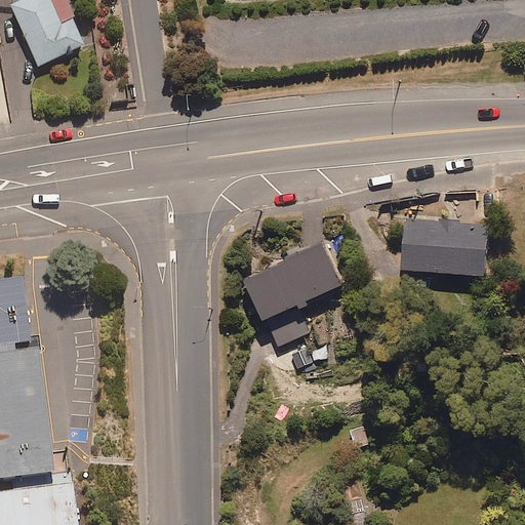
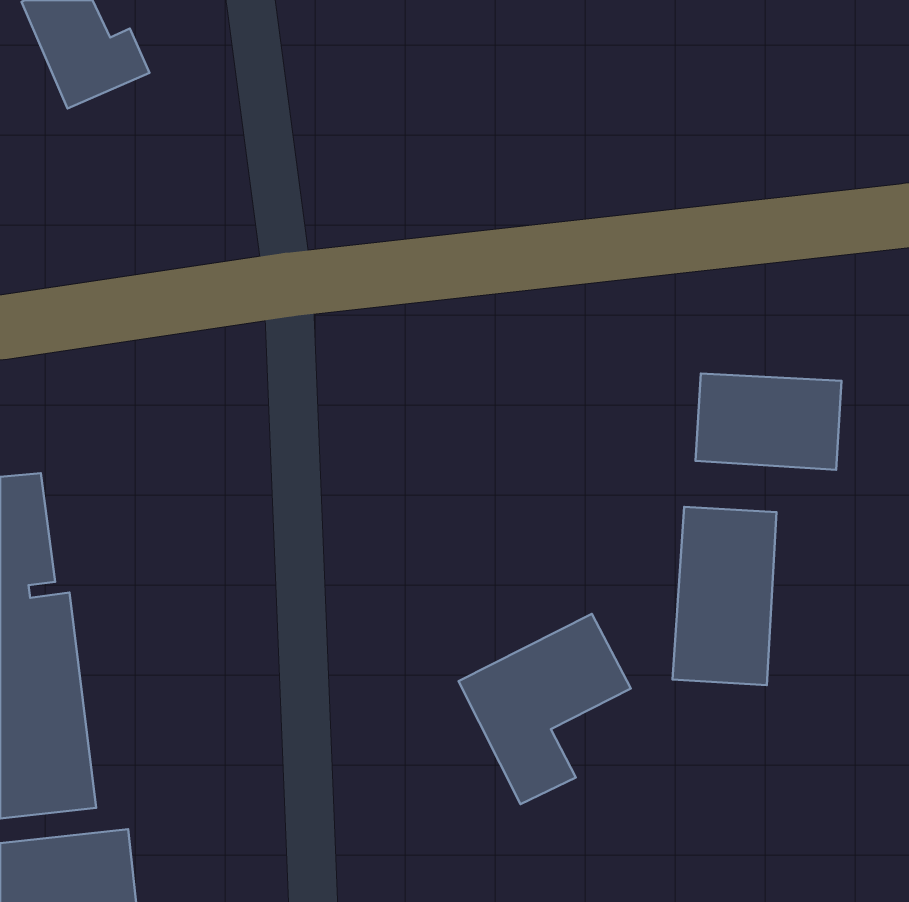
building: [242,240,341,350] -> [458,614,631,804]
building: none -> [673,507,777,685]

